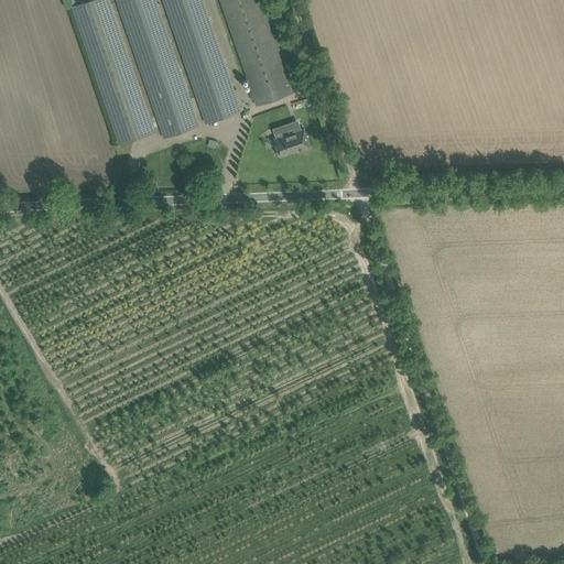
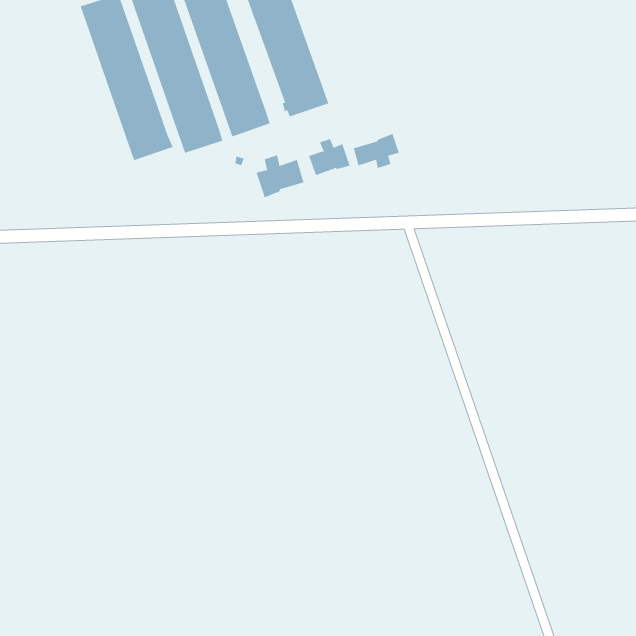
building: none -> [353,133,400,169]
building: none -> [256,154,304,198]

